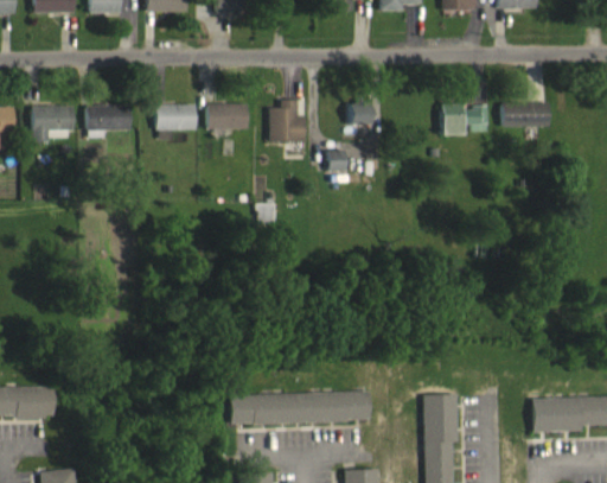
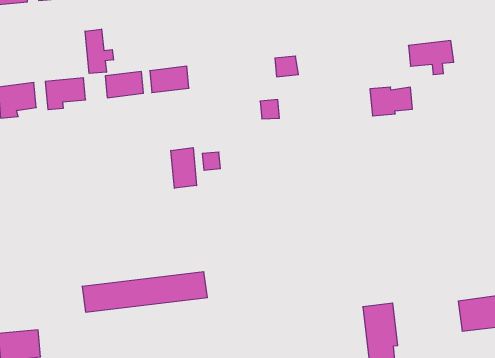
building: none -> [85,29,113,73]
building: [269,100,307,142] -> none
building: [442,104,488,135] -> [370,87,412,116]
building: none -> [171,148,197,188]
building: [229,392,370,425] -> [82,272,207,312]

